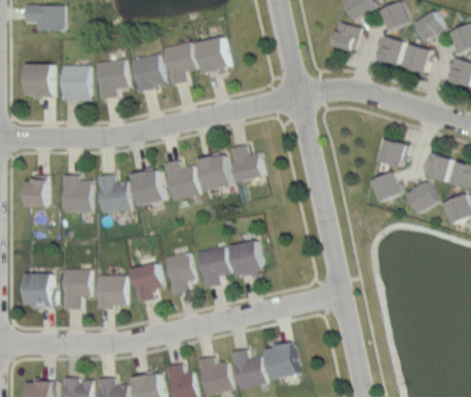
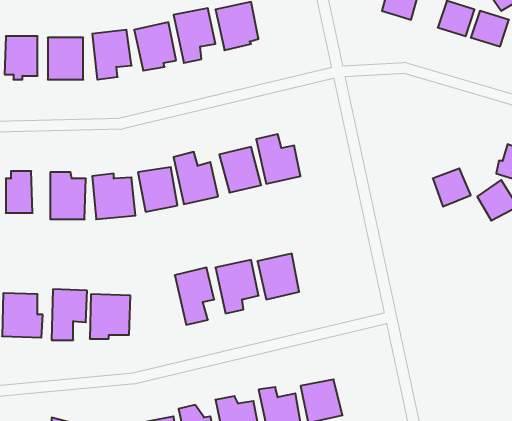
building: [377,140,408,169] -> none
building: [130,263,161,303] -> none

